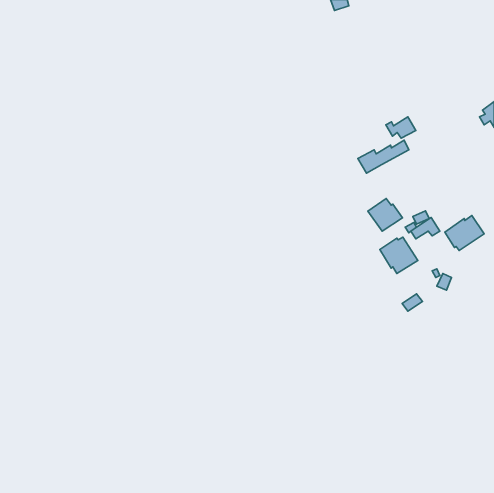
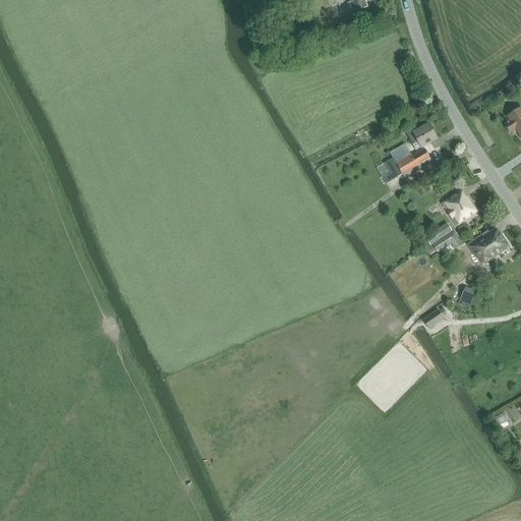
building: [368,198,403,231] -> [442,190,478,225]
building: [380,237,418,273] -> none

